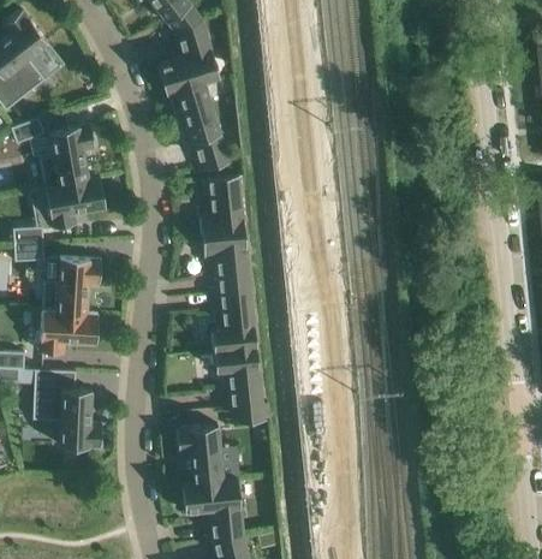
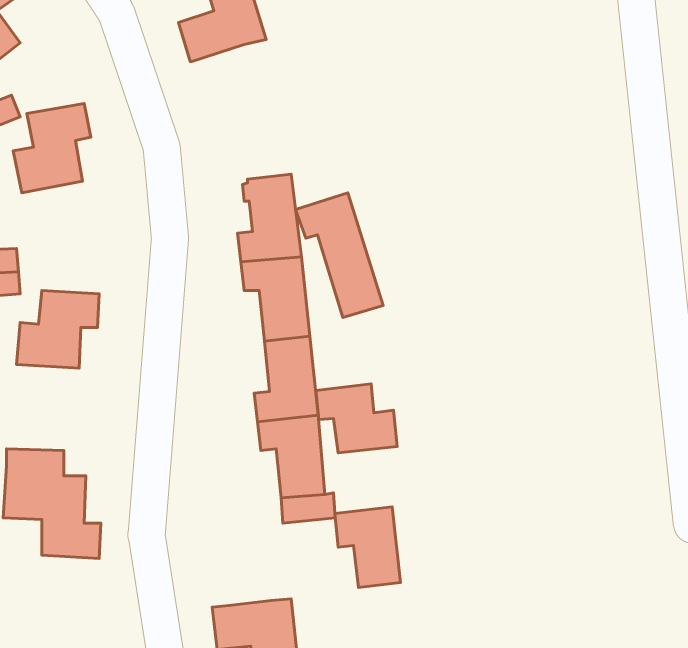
building: [167,82,230,171] -> [296,193,383,317]
building: [44,178,106,228] -> none
building: [40,310,97,353] -> none
building: none -> [316,384,397,453]
building: [177,424,224,482] -> [335,507,401,588]

